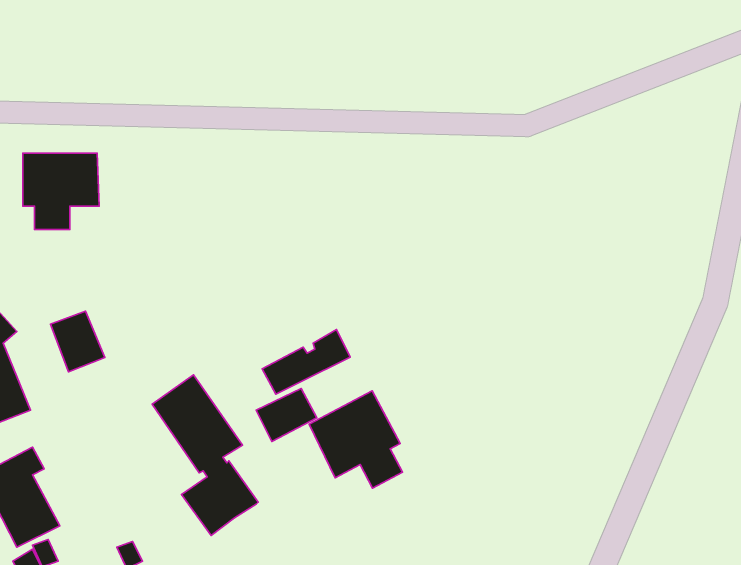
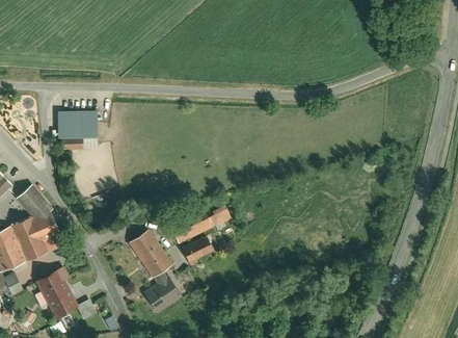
building: [51,311,105,372] -> none
building: [309,391,402,488] -> none

